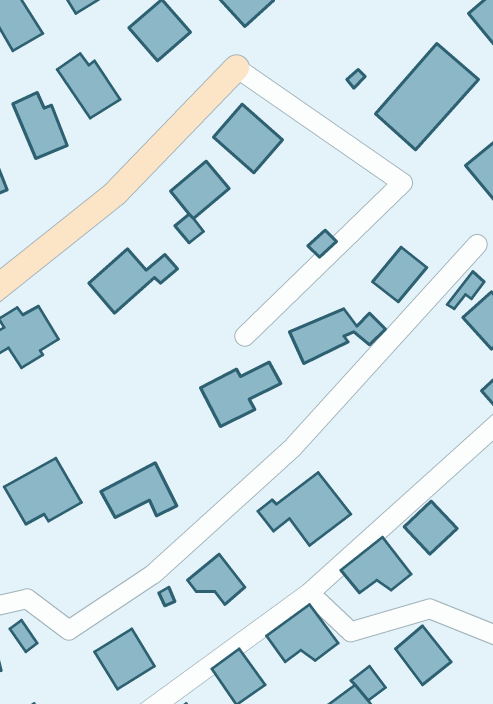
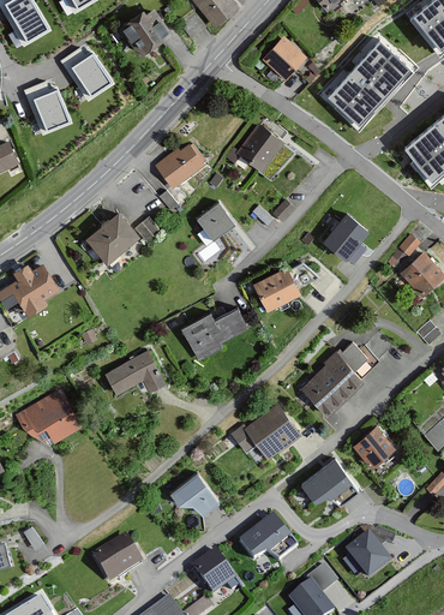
building: none -> [260,35,307,82]
building: [214,104,282,173] -> [236,124,294,181]
building: none -> [198,203,235,240]
building: none -> [298,335,390,419]
building: [101,463,177,517] -> [103,348,167,394]

